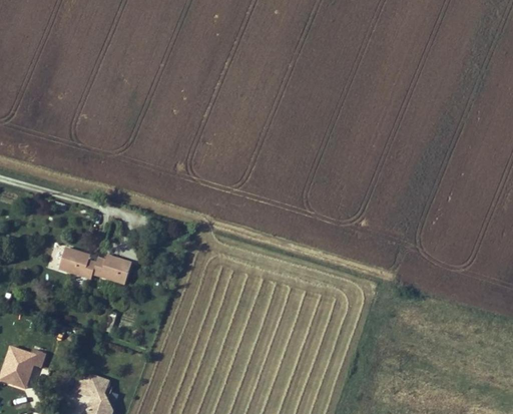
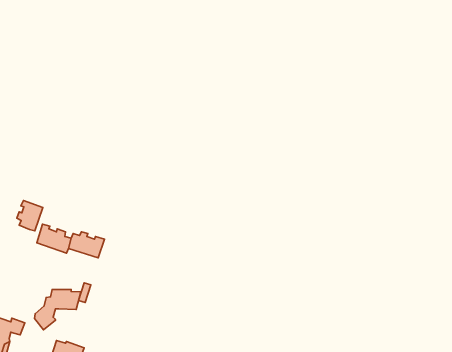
building: none -> [17,200,43,231]
building: none -> [34,289,81,330]

